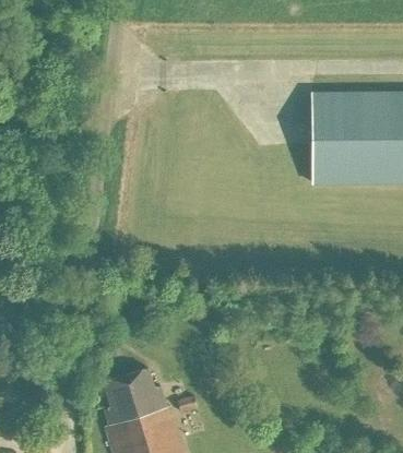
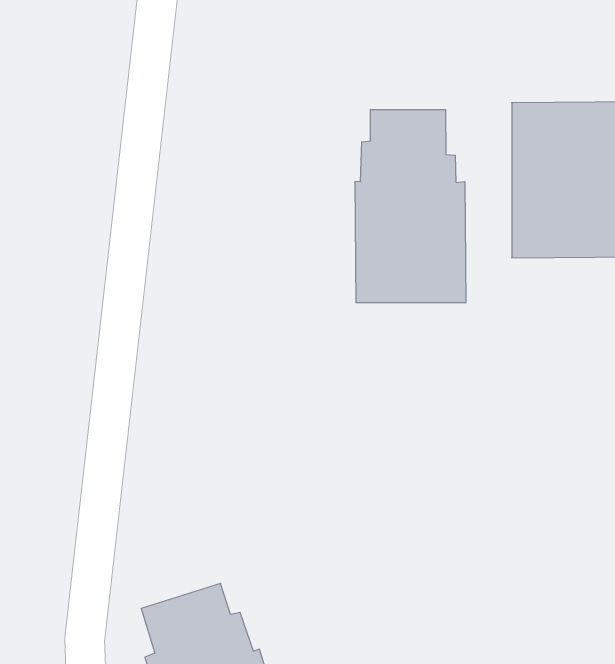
building: none -> [355,109,466,303]

